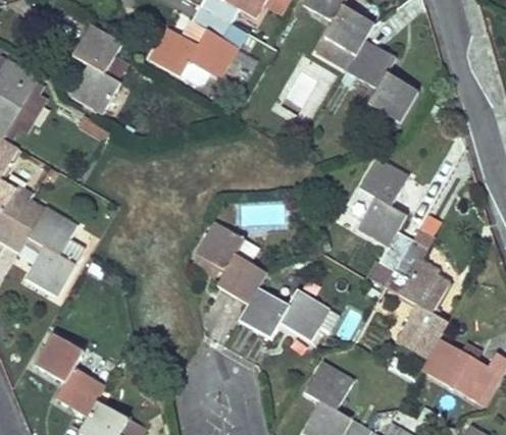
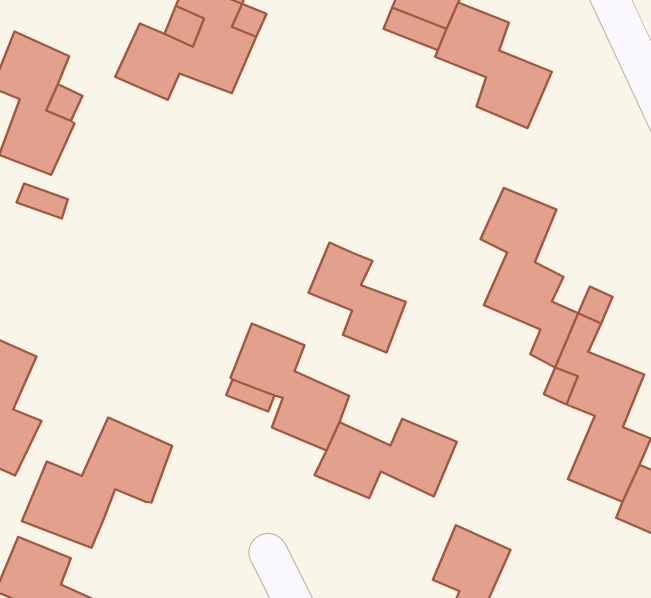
building: none -> [308,242,406,352]
building: none -> [22,418,172,548]

